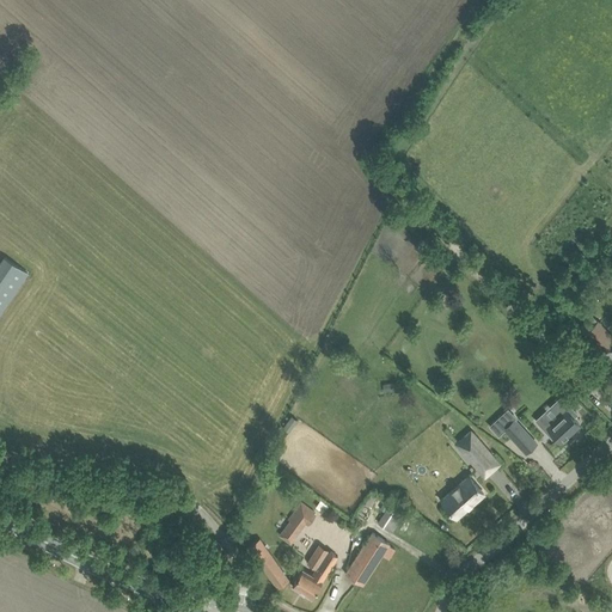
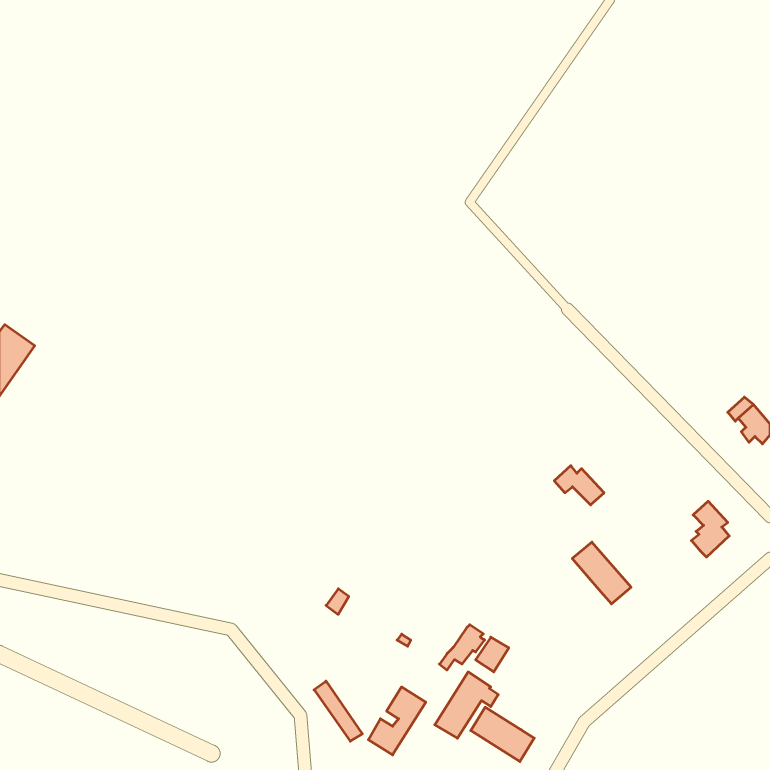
building: [489,415,528,446] -> [554,466,604,505]
building: [440,477,483,519] -> none
building: [279,504,314,540] -> [439,625,485,670]
building: none -> [471,707,534,762]

